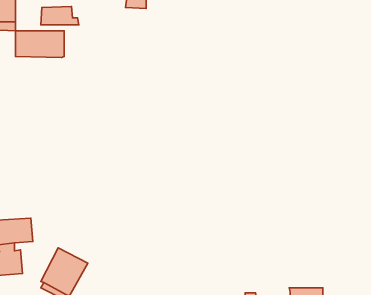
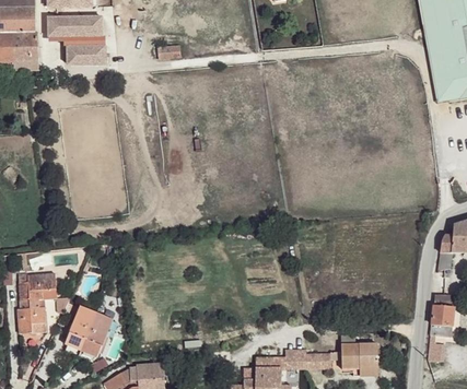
building: [15,31,64,57] -> none

